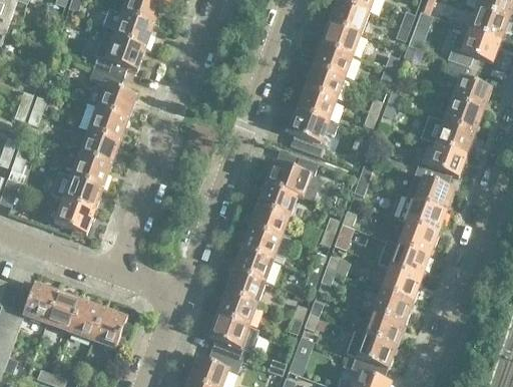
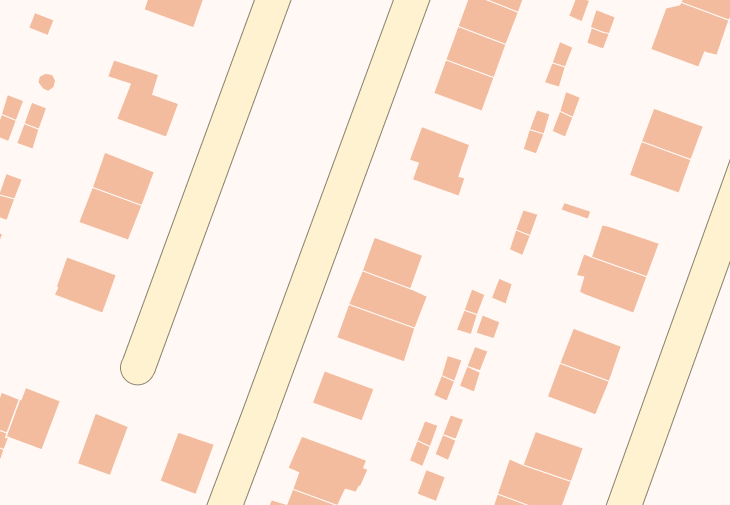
building: [92,33,145,76] -> none
building: [443,59,490,110] -> none
building: [296,88,336,122] -> none
building: [76,101,127,140] -> none
building: [414,142,466,185] -> none
building: [265,153,317,196] -> none
building: [61,173,102,209] -> none
building: [396,222,436,256] -> none
building: [231,250,273,284] -> none
building: [371,289,411,323] -> none
building: [45,292,80,333] -> none
building: [216,293,256,327] -> none
building: [90,309,126,350] -> [160,432,214,495]

